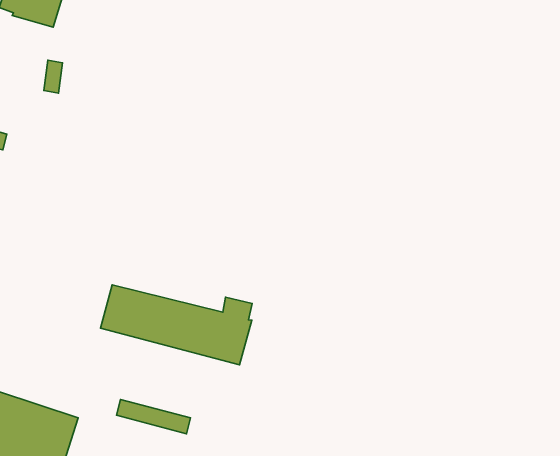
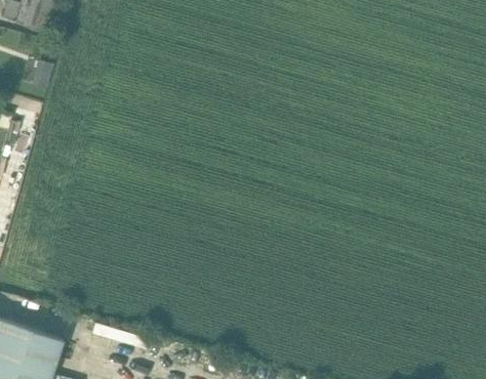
building: [100,285,252,365] -> none

